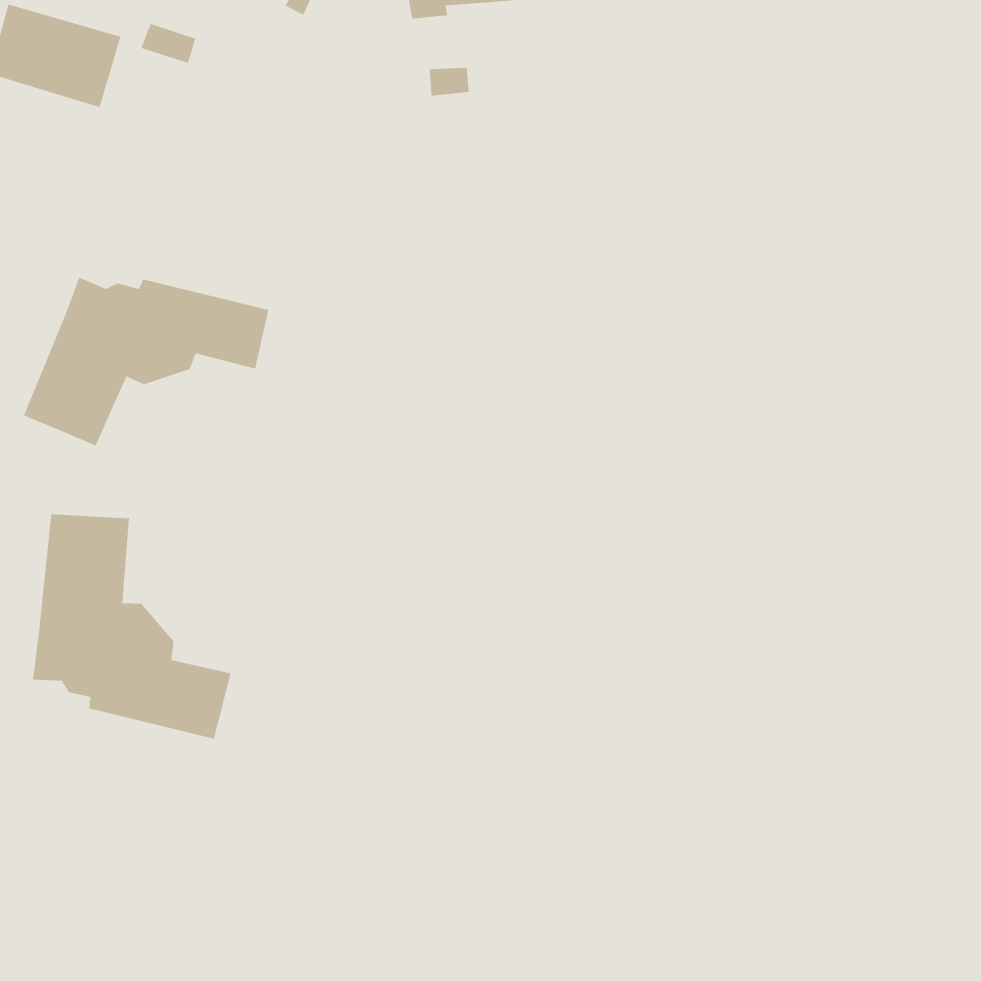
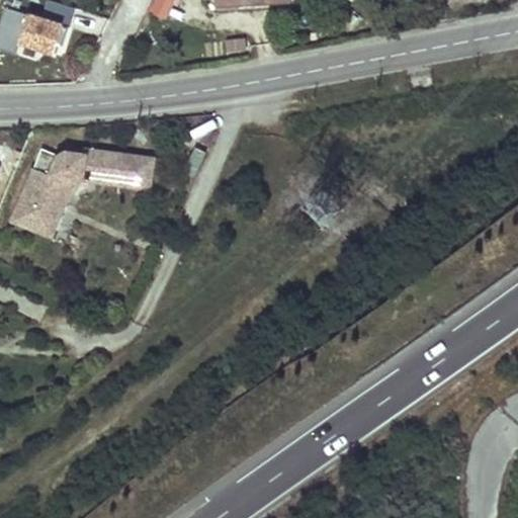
building: [32,514,231,739] -> none

